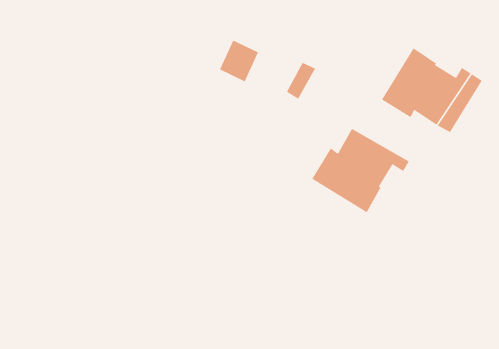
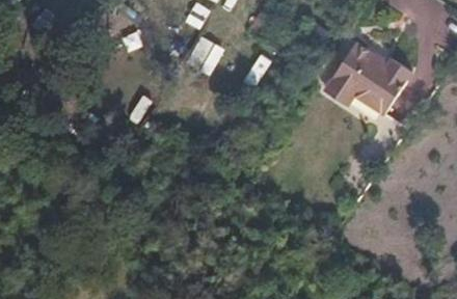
building: [311,128,410,213] -> none

